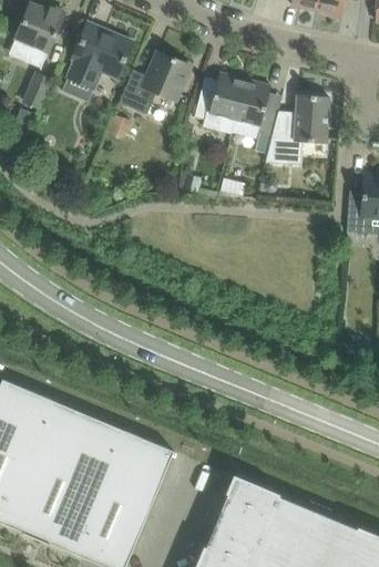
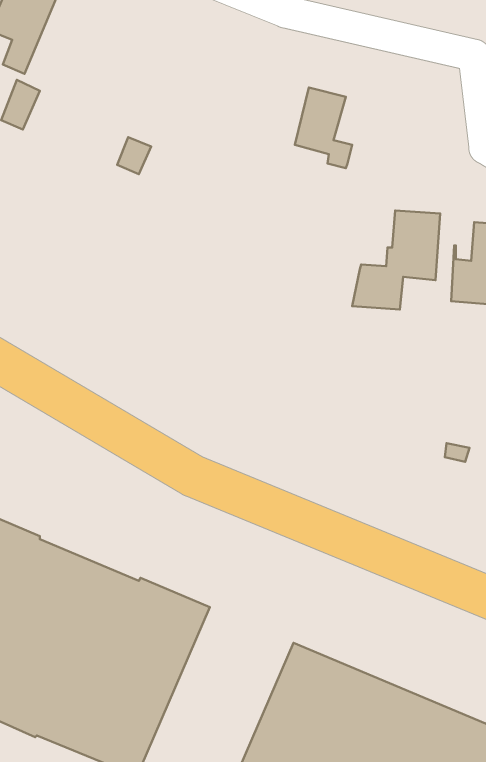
building: [68,27,133,89] -> none
building: [120,52,190,115] -> none
building: [195,72,245,130] -> none
building: [266,94,329,165] -> [352,210,440,309]

